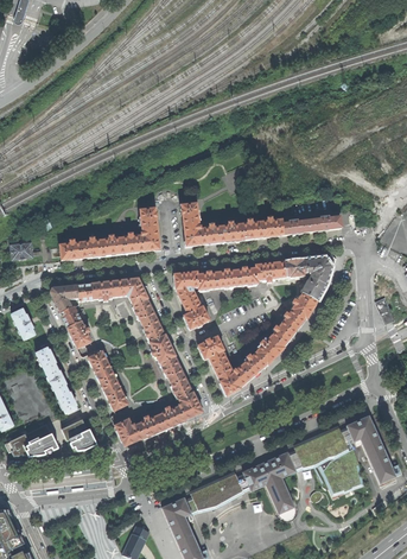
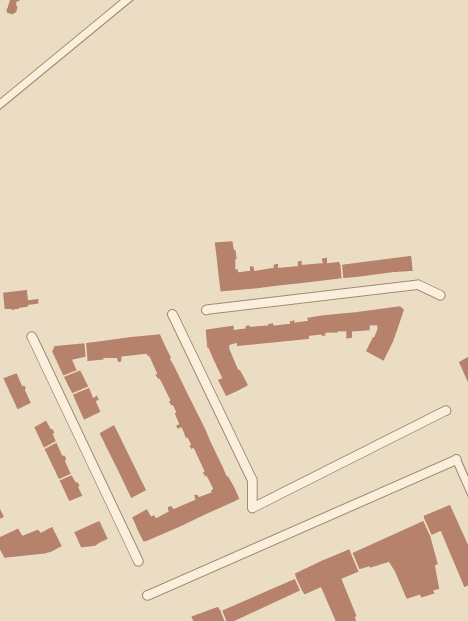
building: [59,208,159,260] -> none
building: [197,292,317,395] -> none

